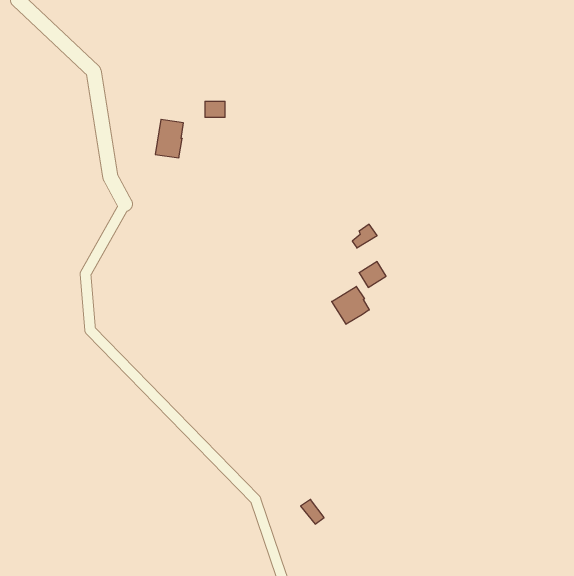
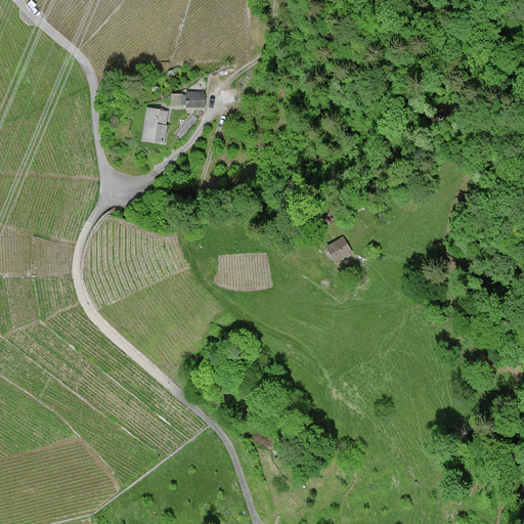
building: [332,286,369,324] -> none

